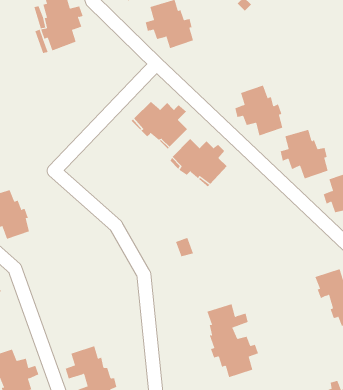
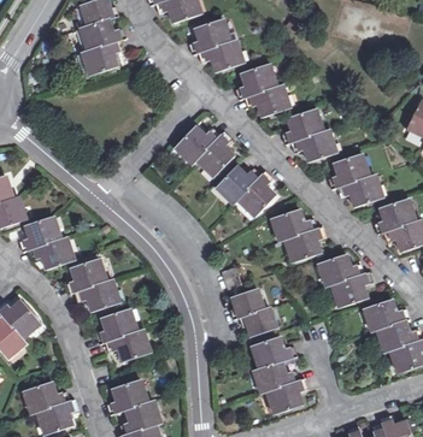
building: none -> [235,65,286,117]
building: none -> [274,209,325,260]
building: none -> [321,254,372,306]
building: none -> [64,259,117,312]
building: none -> [230,289,276,336]
building: none -> [95,308,147,361]

